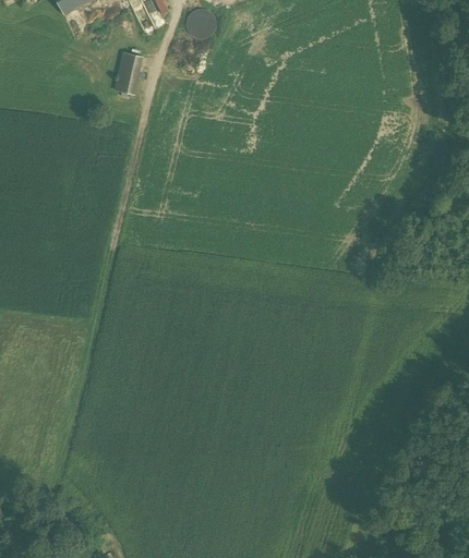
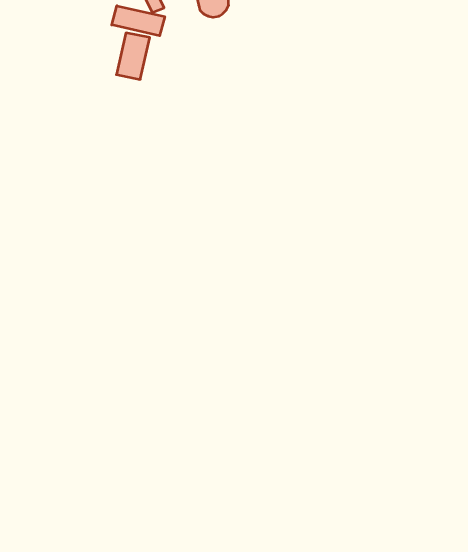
building: none -> [112,6,165,36]

